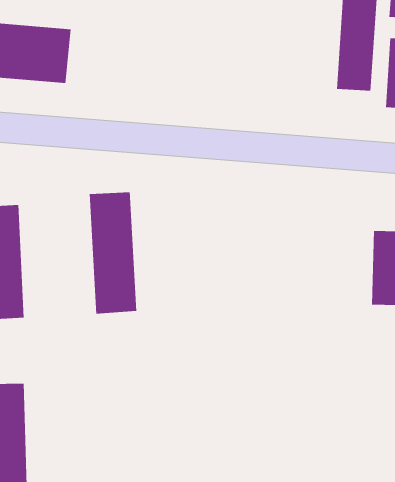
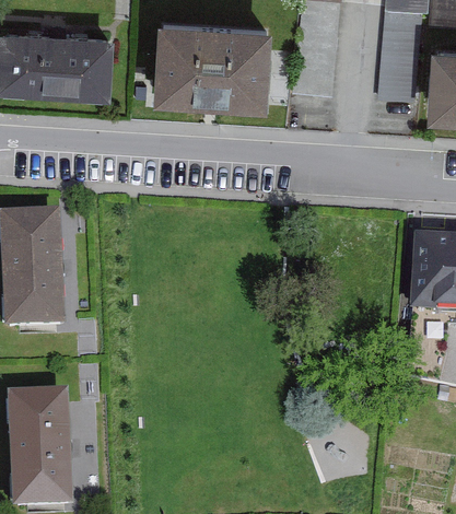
building: none -> [151,22,271,108]
building: [89,192,137,315] -> none

